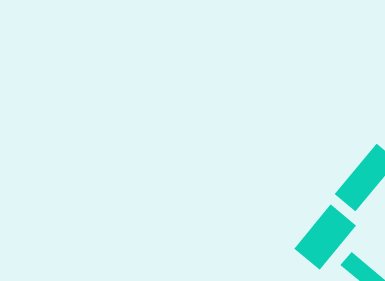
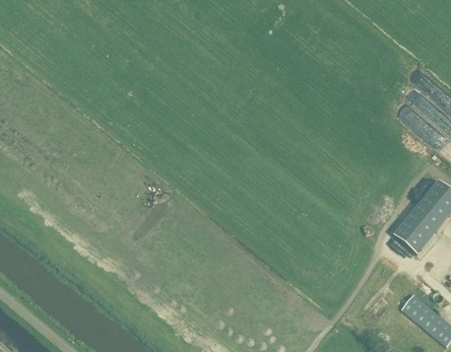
building: [293,203,357,271] -> none

